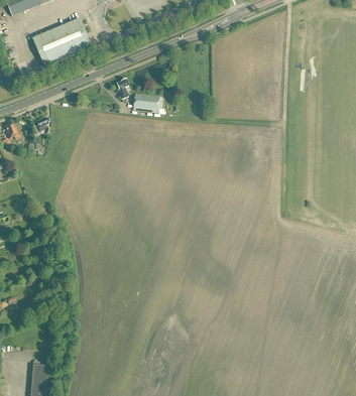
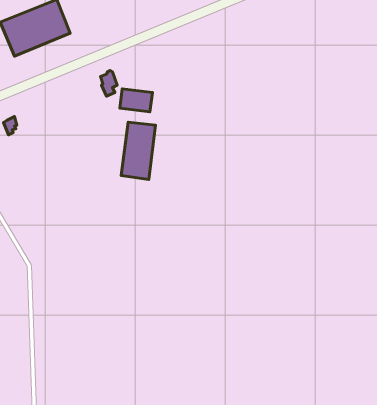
building: none -> [121,122,155,180]

